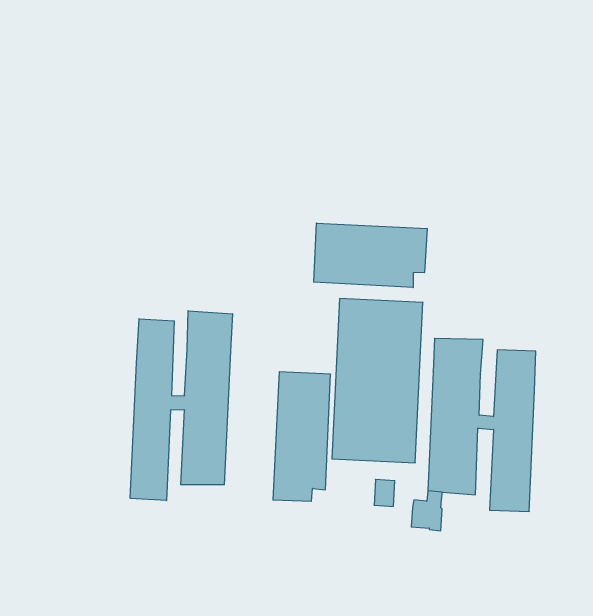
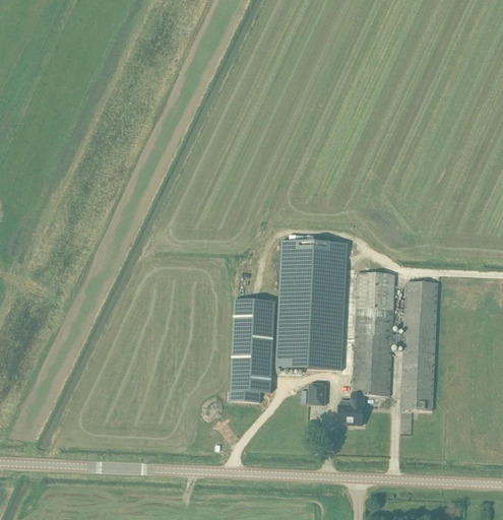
building: [314,223,427,288] -> none
building: [130,311,232,501] -> none

